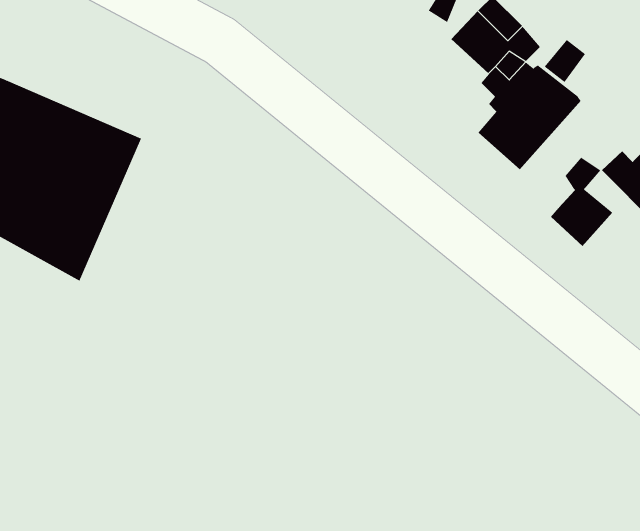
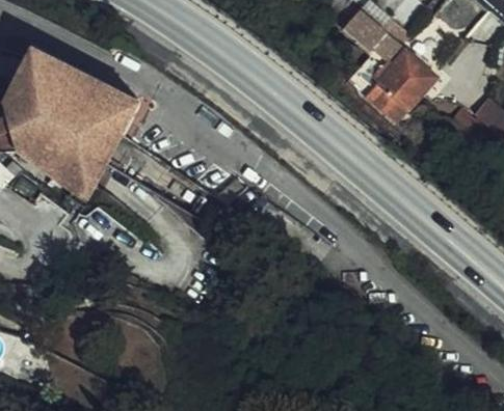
building: [550,157,613,247] -> none

